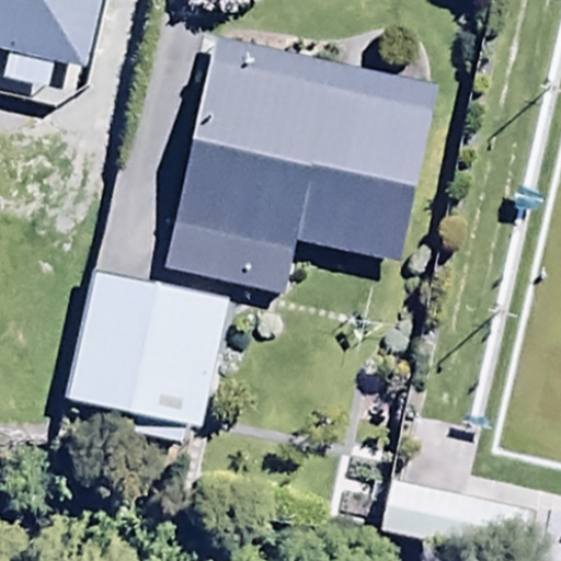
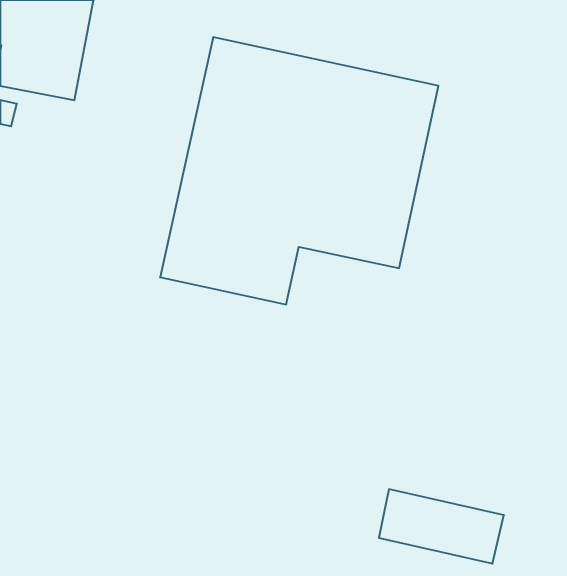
building: [67,270,232,449] -> none

